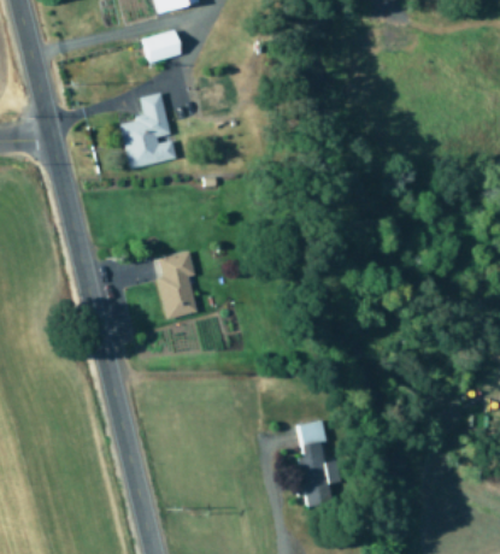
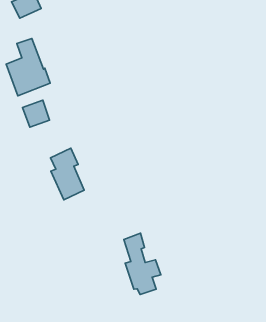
building: none -> [22,100,50,127]
building: [295,420,341,503] -> [124,233,161,294]

